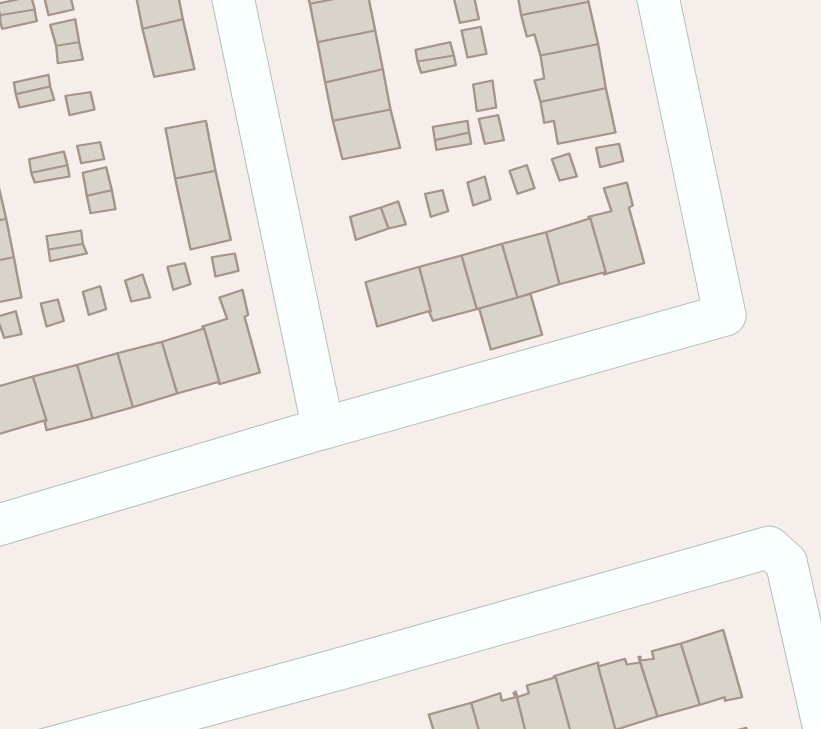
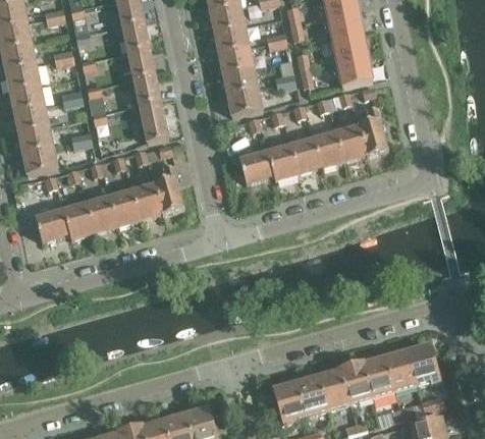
building: none -> [127,46,155,77]
building: none -> [227,88,262,115]
building: [479,294,542,350] -> none

